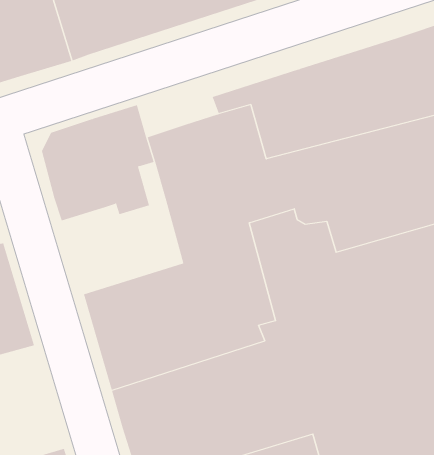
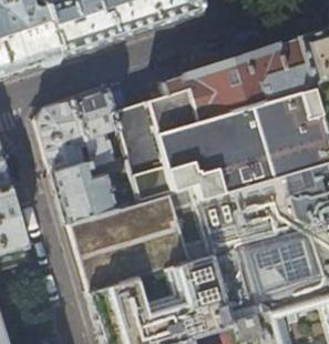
building: none -> [52,158,138,224]

